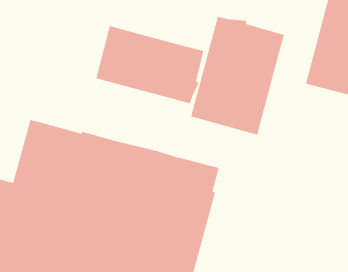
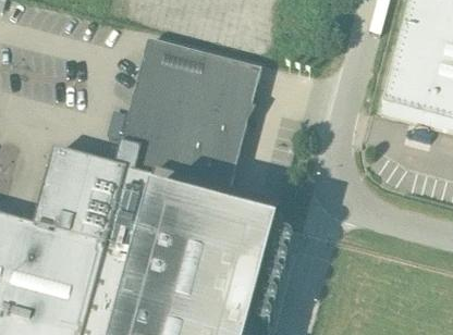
building: [190,16,284,135] -> none
building: none -> [114,100,244,194]

